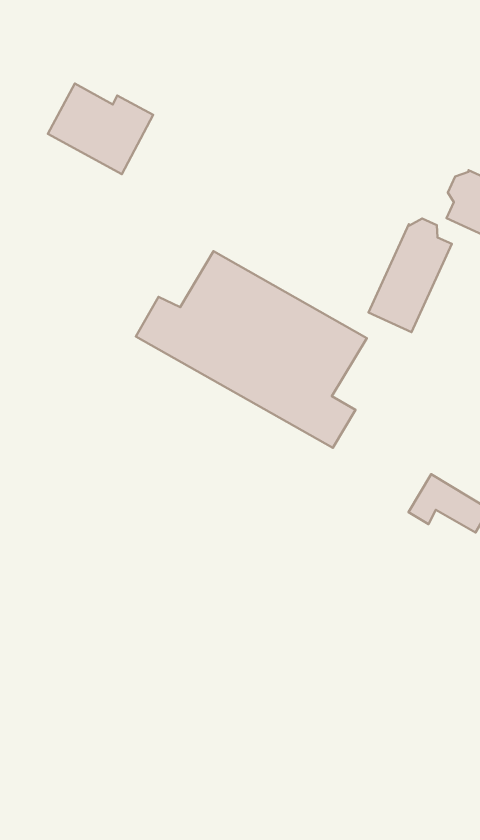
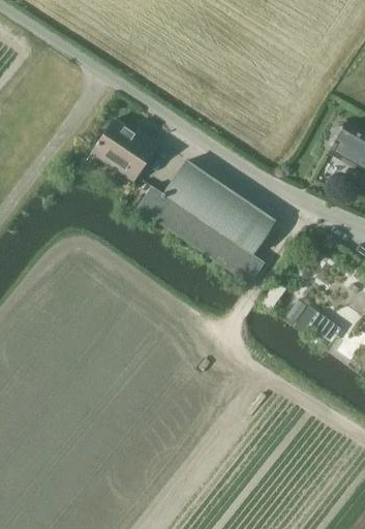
building: [48,83,153,174] -> [96,120,160,177]
building: [368,218,452,332] -> none

